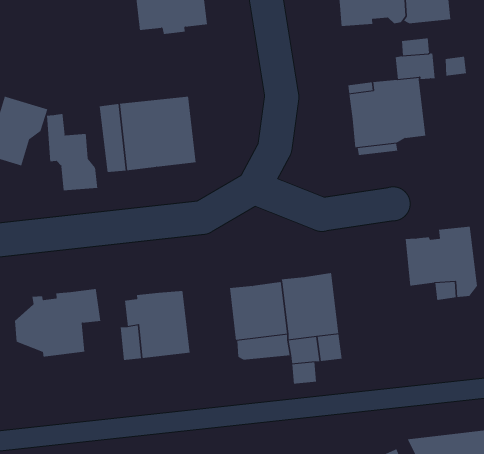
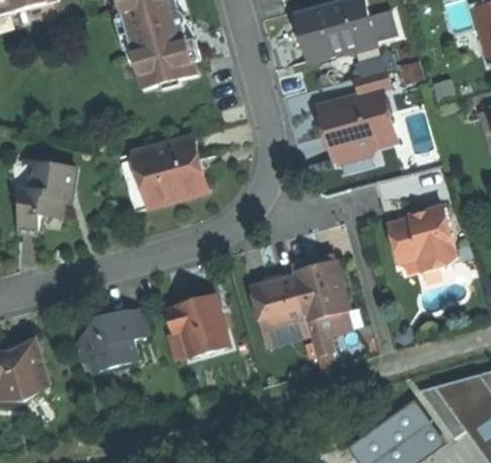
building: [46,113,98,191] -> none

